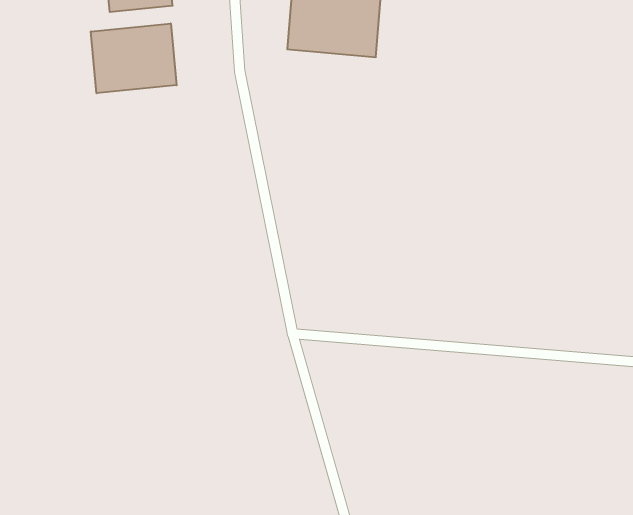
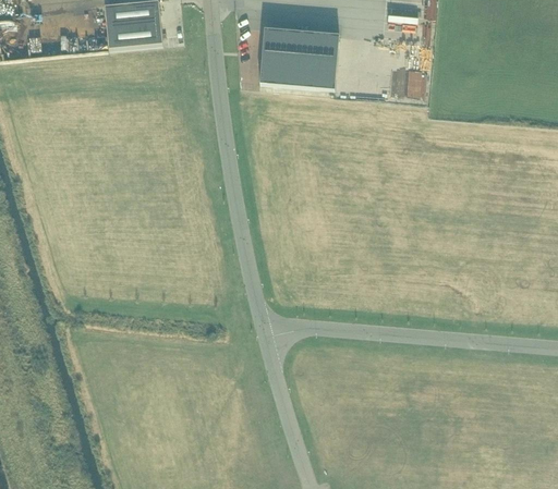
building: [91,23,177,93] -> none

